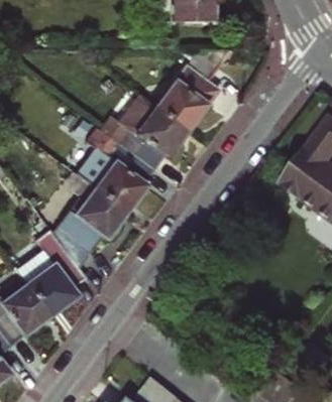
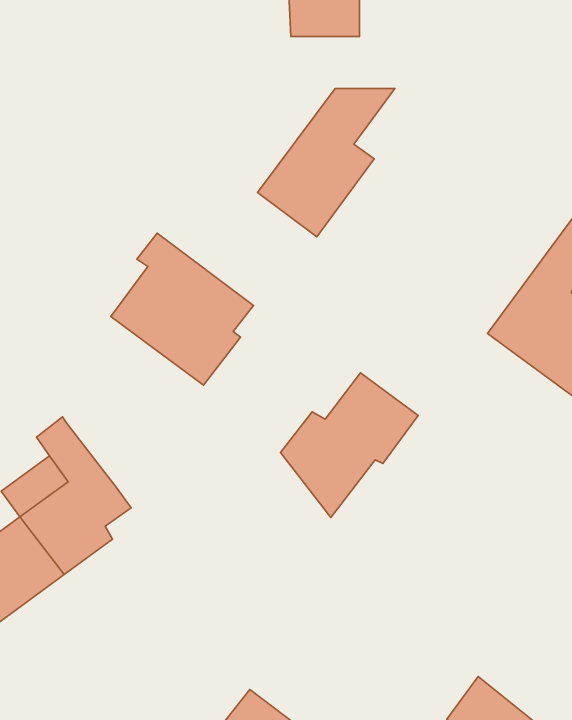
building: [101,96,188,169] -> none
building: [51,189,126,268] -> [281,373,418,517]

